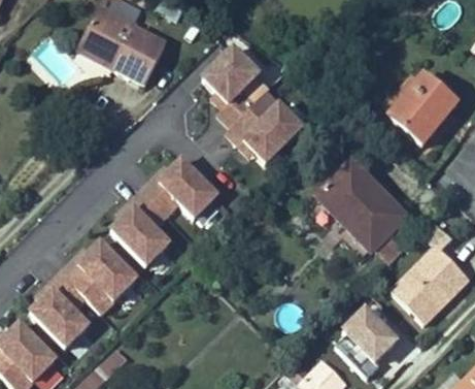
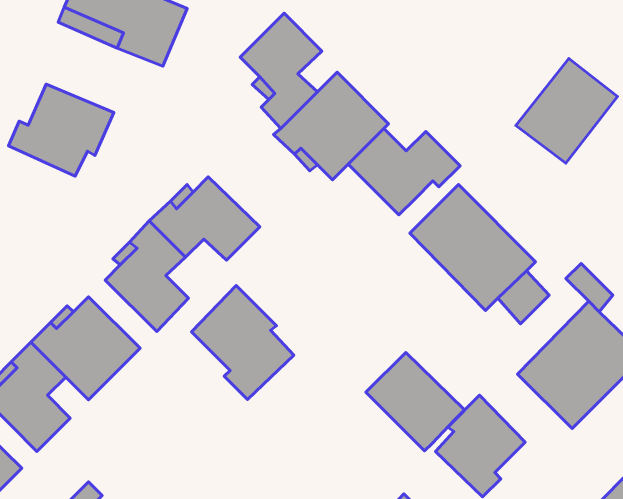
building: none -> [8,84,114,176]
building: none -> [348,129,460,215]
building: none -> [192,285,294,399]
building: none -> [366,352,465,451]

